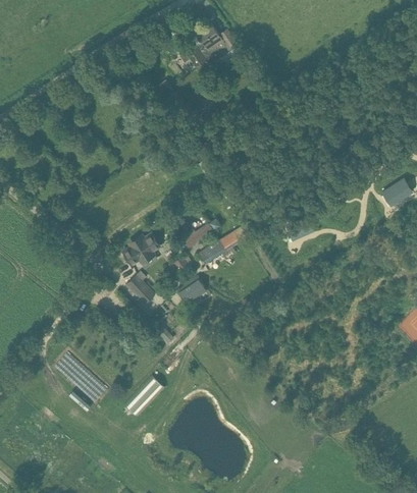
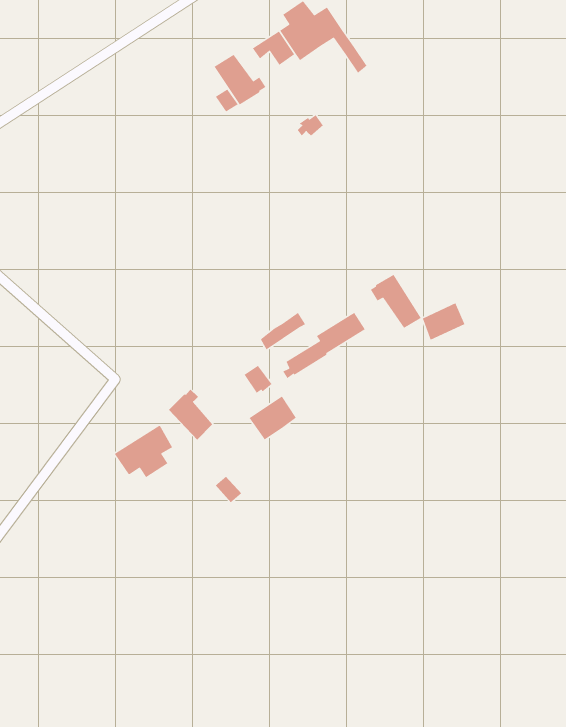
building: none -> [214,54,266,106]
building: none -> [370,274,422,329]
building: [122,233,160,267] -> [114,425,173,478]

